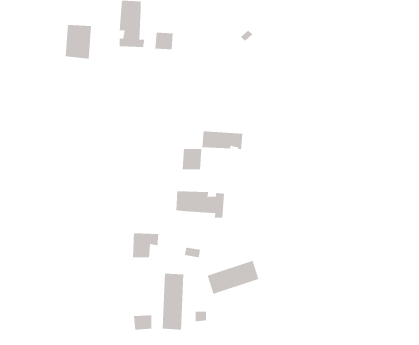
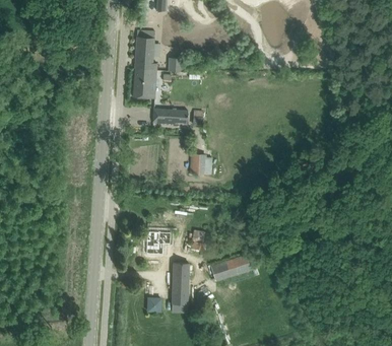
building: [65,25,92,59] -> [133,69,156,98]
building: [201,131,243,150] -> [152,109,188,125]
building: [176,191,224,218] -> none

